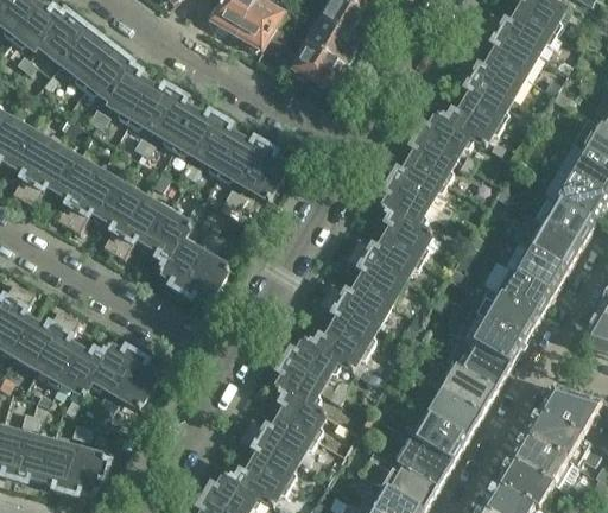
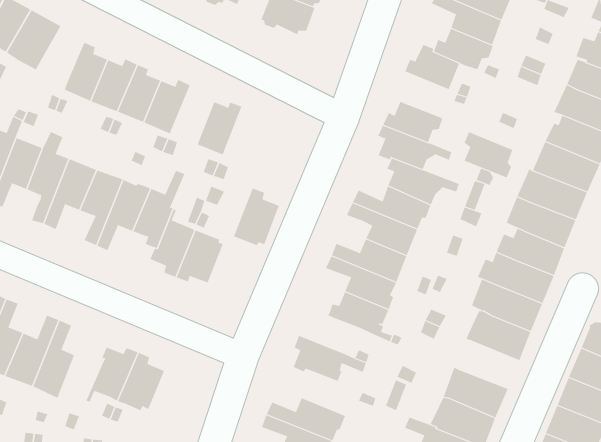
building: [83,48,132,103] -> none
building: [196,119,240,173] -> none
building: [408,135,455,183] -> [464,131,513,178]
building: [241,145,287,198] -> [233,188,280,246]
building: [285,337,342,384] -> none
building: [58,348,106,395] -> none
building: [422,386,482,437] -> none
building: [279,392,327,439] -> none

